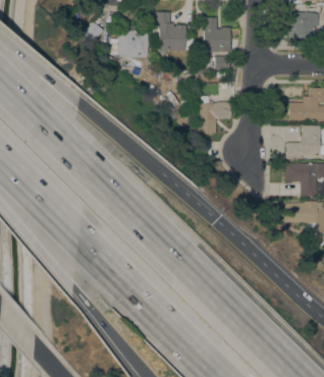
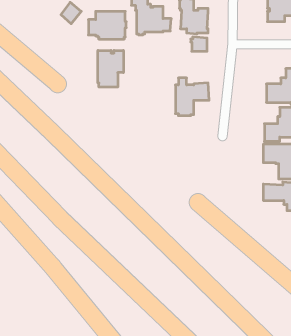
building: none -> [98,50,123,87]

